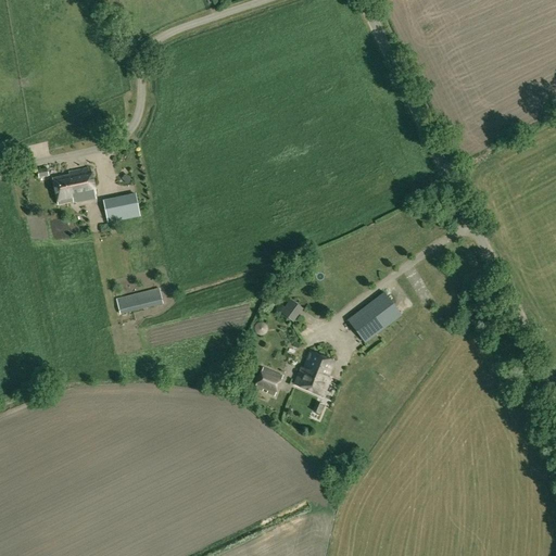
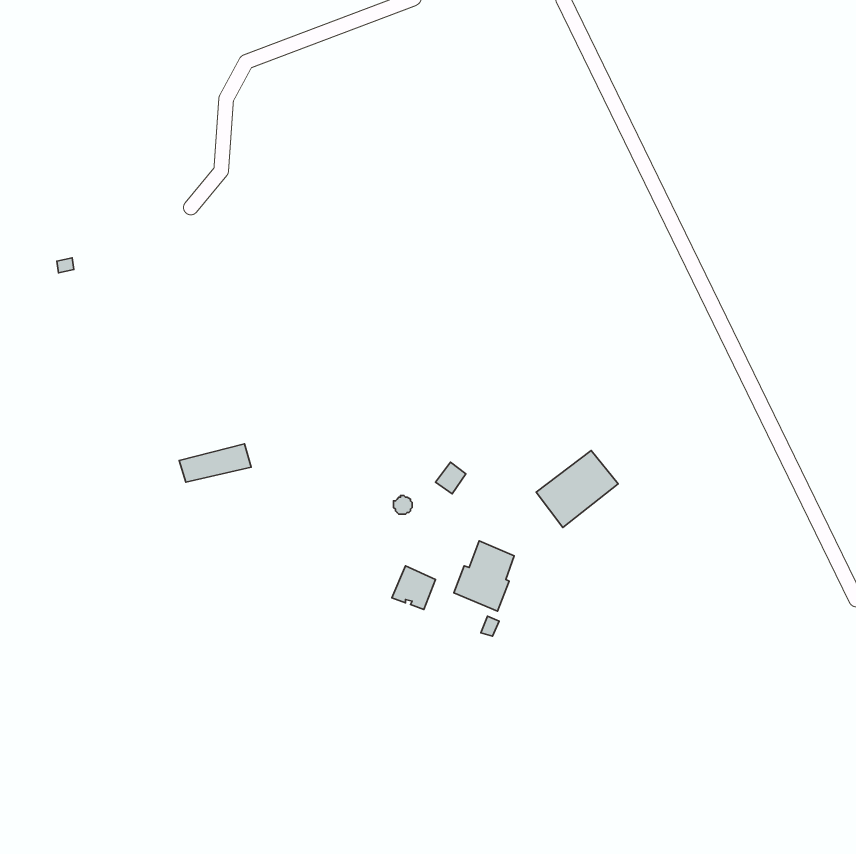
building: [52,167,96,204] -> none
building: [103,193,139,222] -> none

